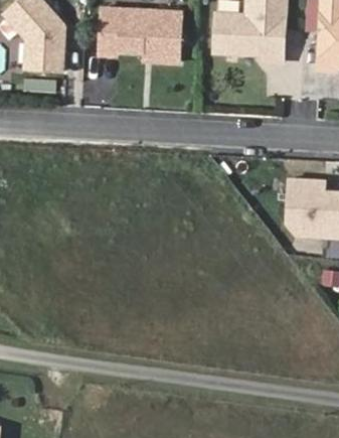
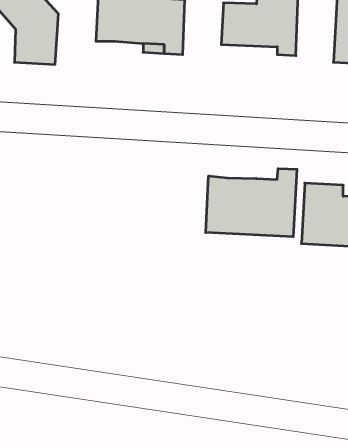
building: none -> [206,169,297,237]

